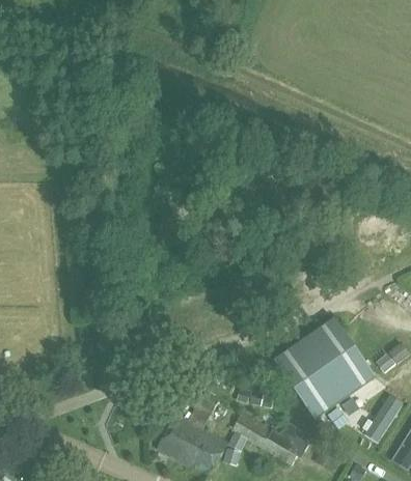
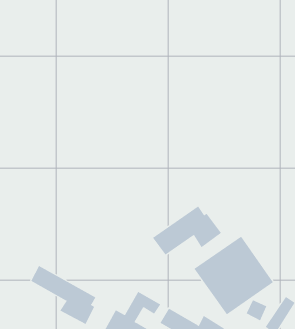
building: none -> [152,205,222,256]
building: none -> [30,265,96,325]

